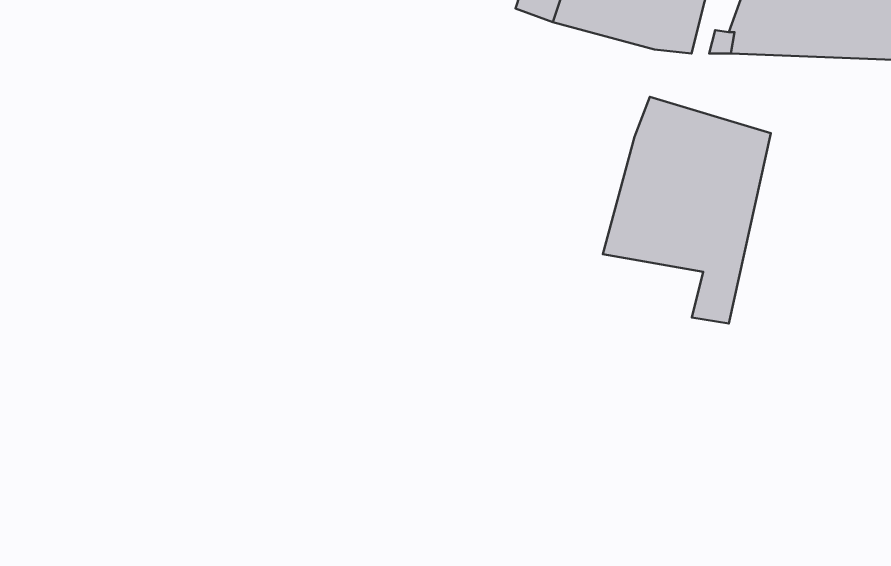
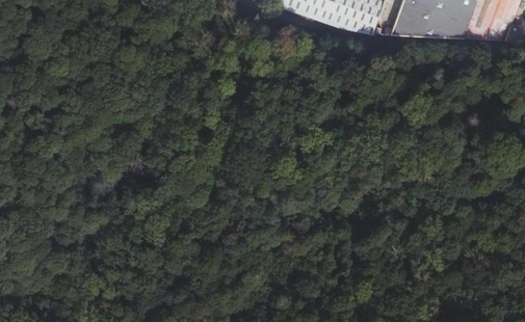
building: [603,97,771,323] -> none

